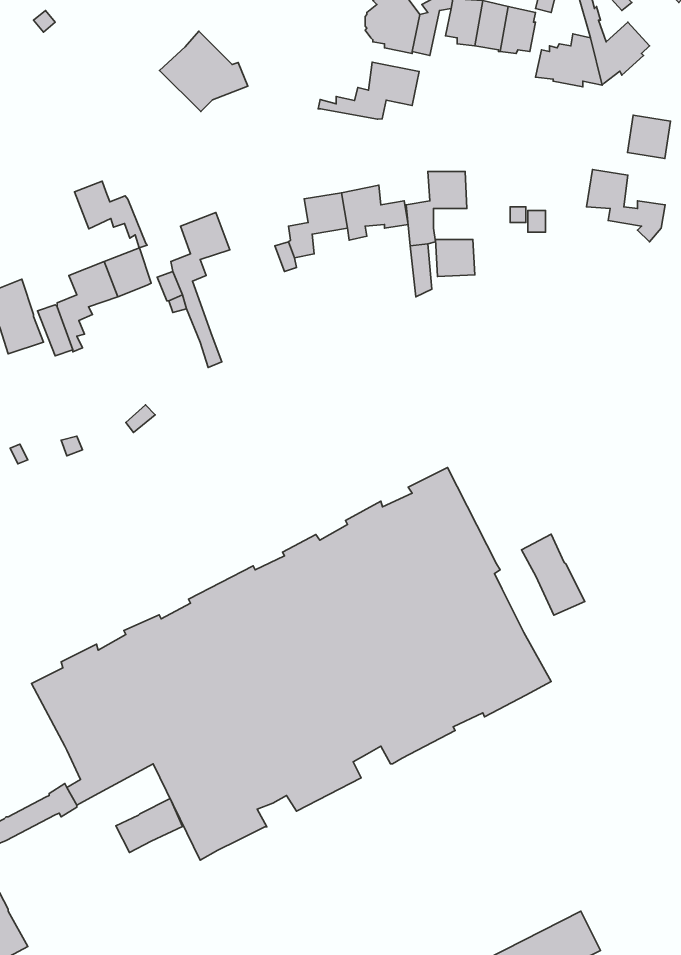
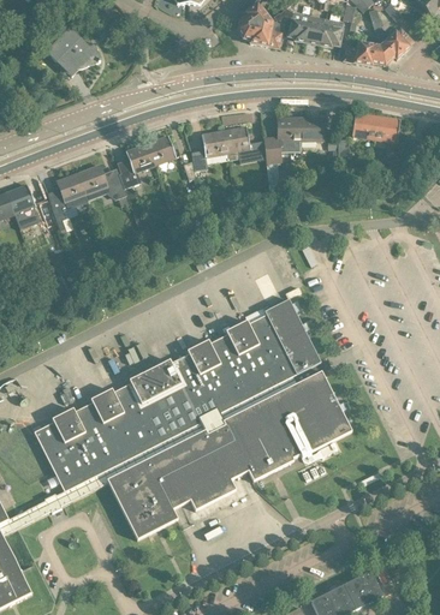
building: [160,31,248,112] -> [46,25,100,74]
building: [318,62,419,119] -> none
building: [627,115,671,158] -> [351,112,377,138]
building: [74,181,147,248] -> none
building: none -> [147,135,176,165]
building: [435,239,475,277] -> [299,117,323,139]
building: [521,534,585,615] -> none
building: [116,798,183,853] -> none

